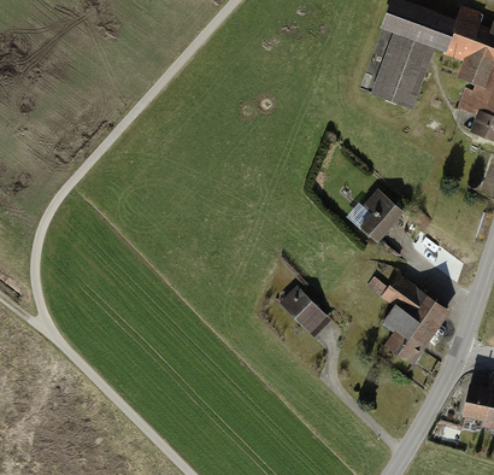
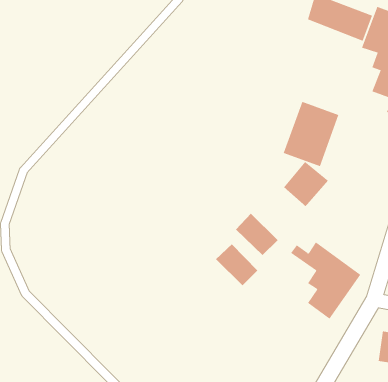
building: [367,31,433,107] -> [283,101,339,167]
building: none -> [235,213,278,256]

